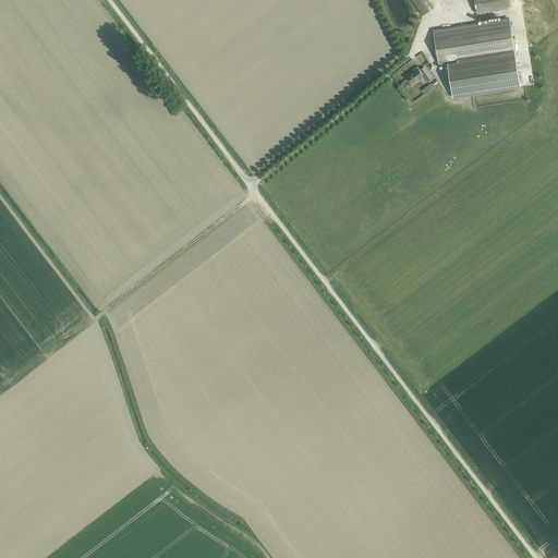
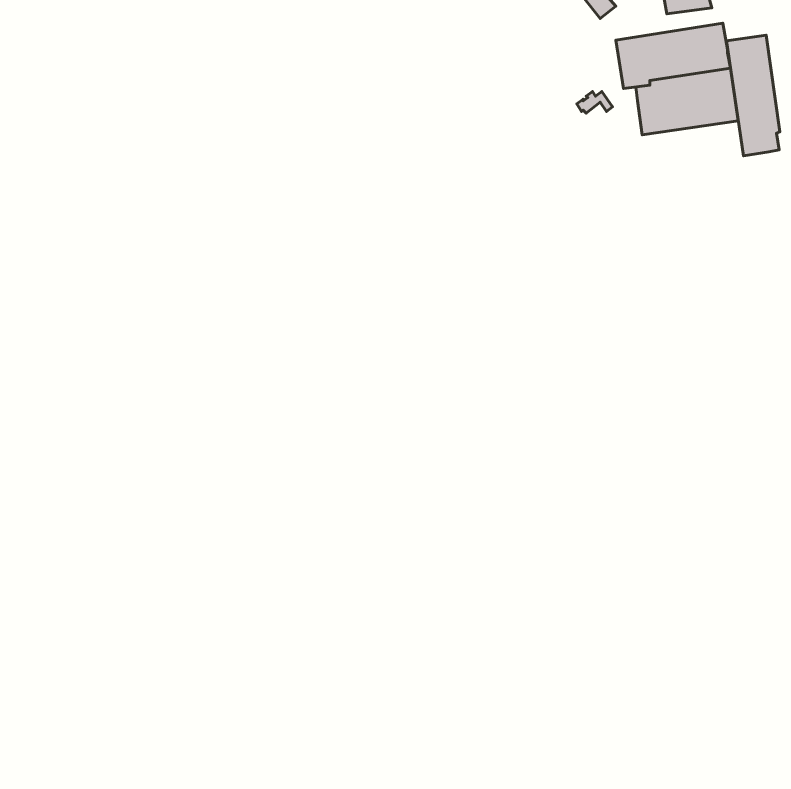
building: none -> [727,35,780,156]

